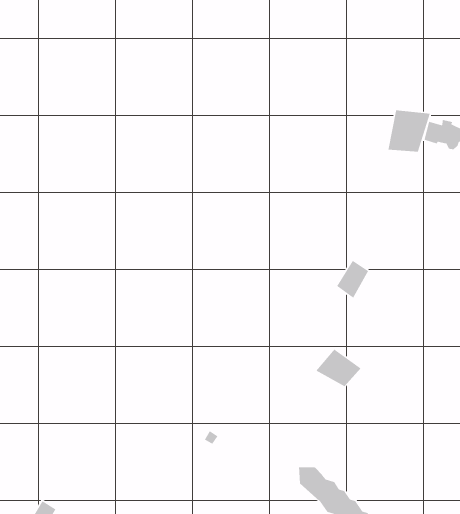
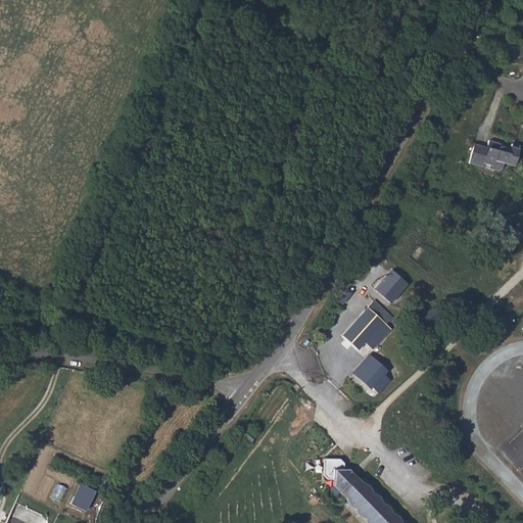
building: [388,109,431,153] -> none
building: none -> [341,307,390,354]

